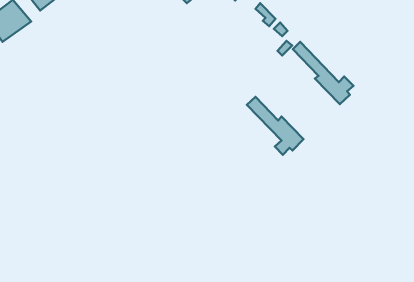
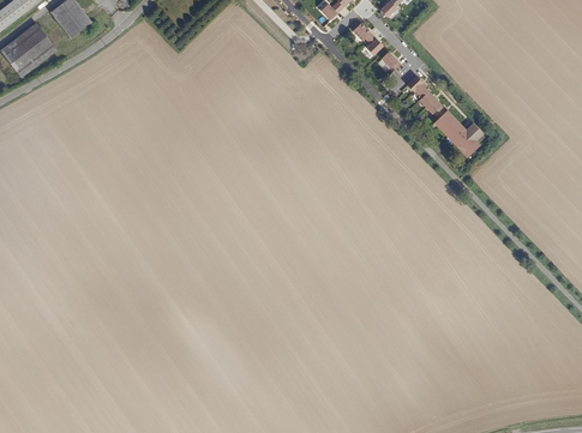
building: [247,97,304,155] -> none

